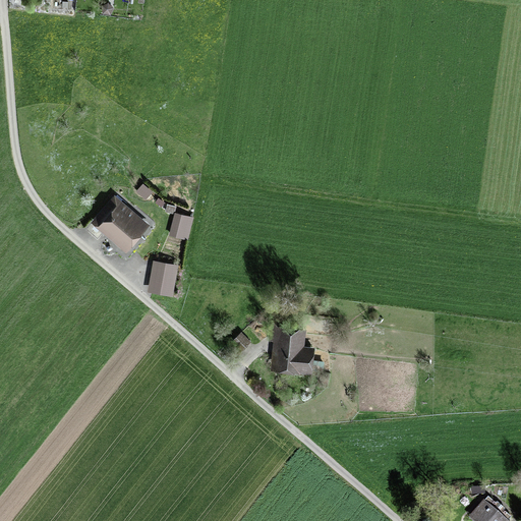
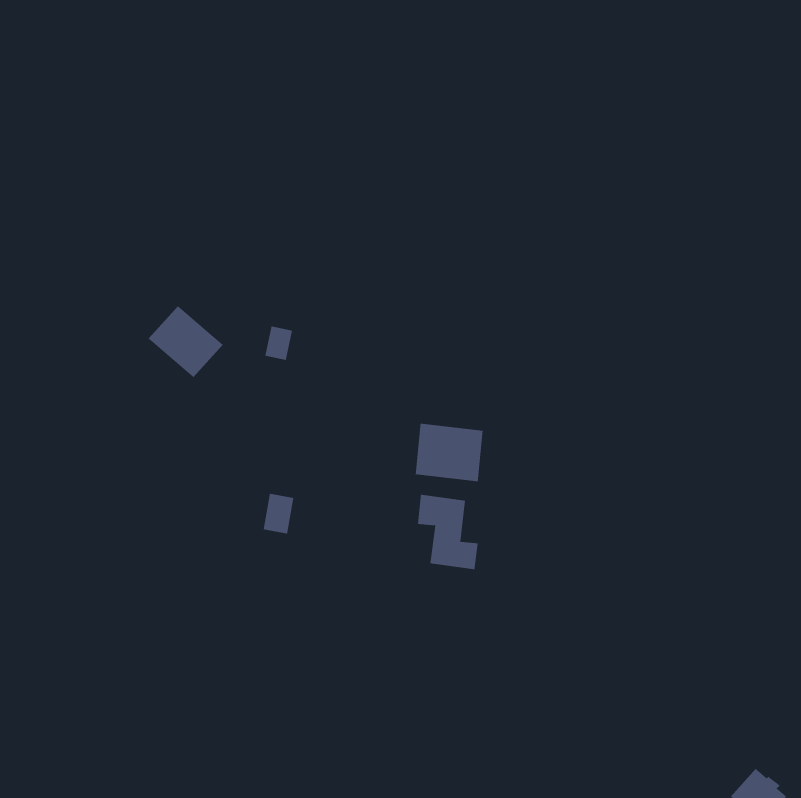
building: [155,269,175,295] -> [263,493,294,534]
building: none -> [415,423,483,482]

